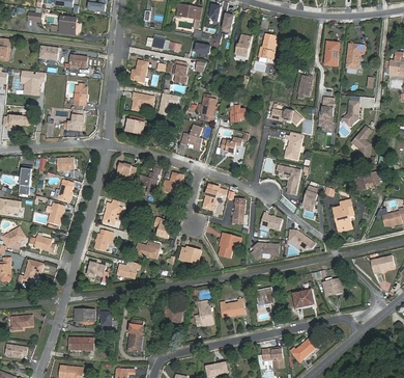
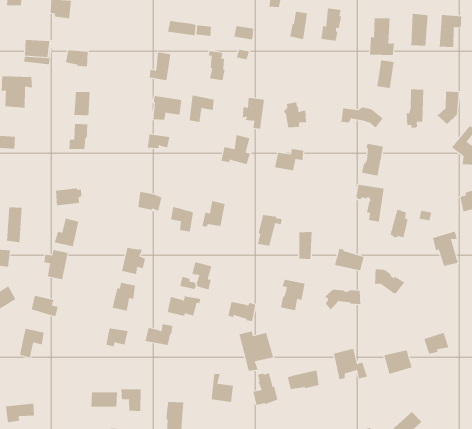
building: none -> [370,17,394,56]
building: none -> [239,330,274,372]

